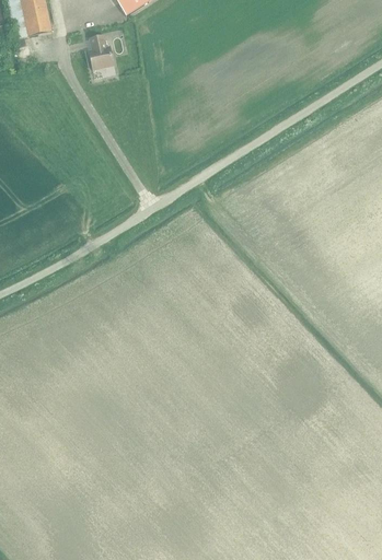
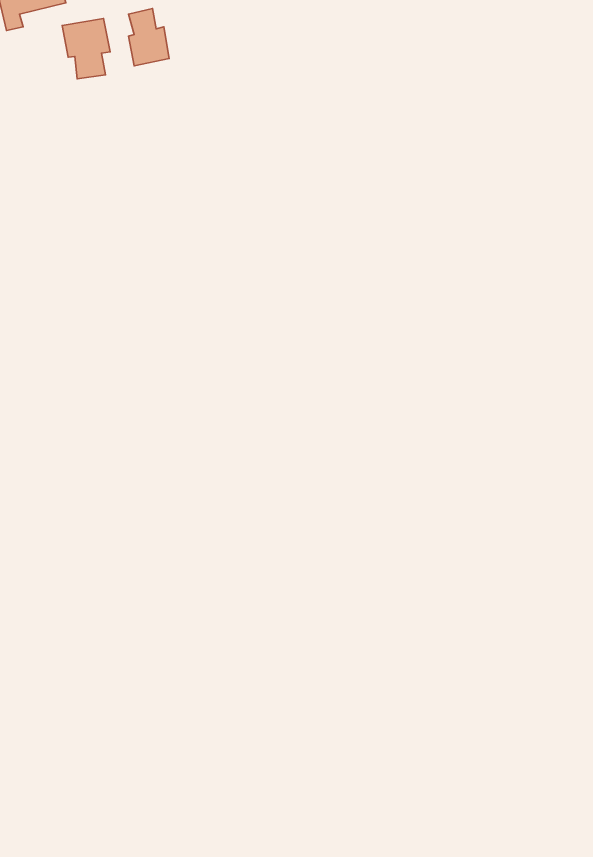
building: none -> [62,19,110,79]

